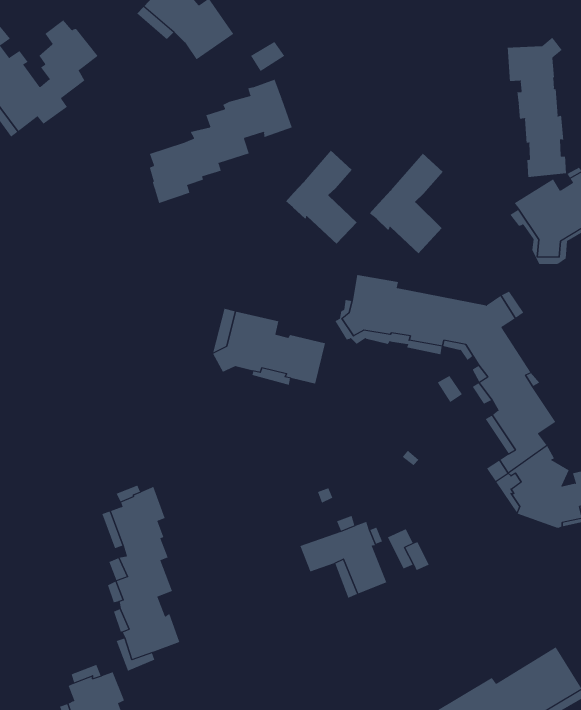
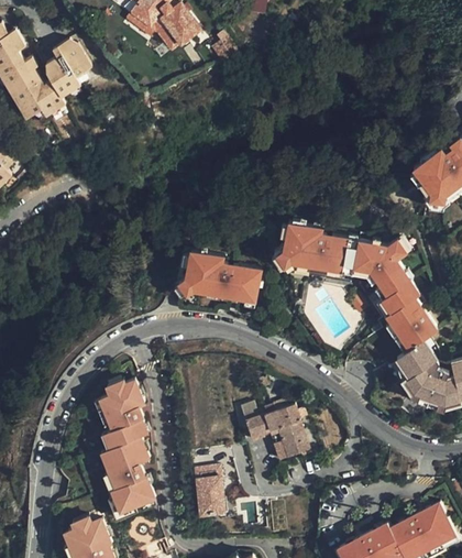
building: [507,37,566,178] -> none
building: [149,79,293,204] -> none
building: [285,150,357,245] -> none
building: [369,153,443,254] -> none
building: none -> [194,463,226,514]

